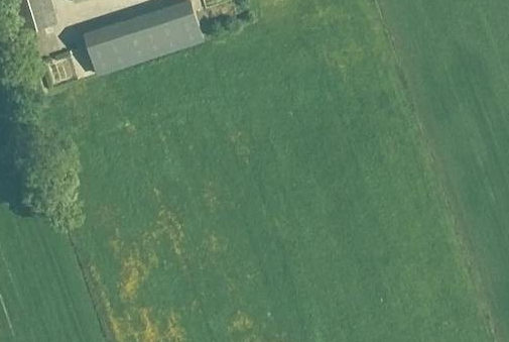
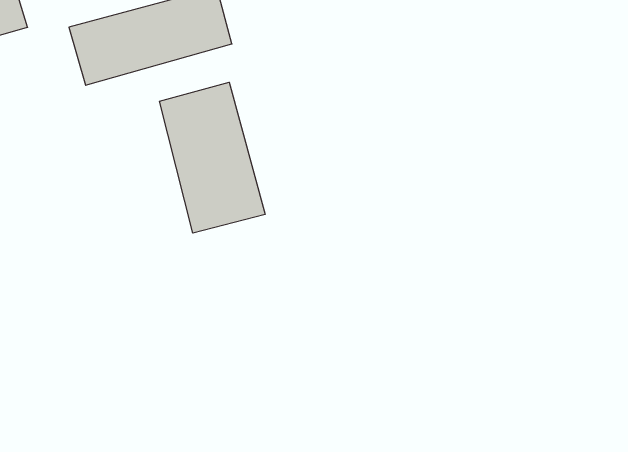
building: none -> [159,82,265,233]

